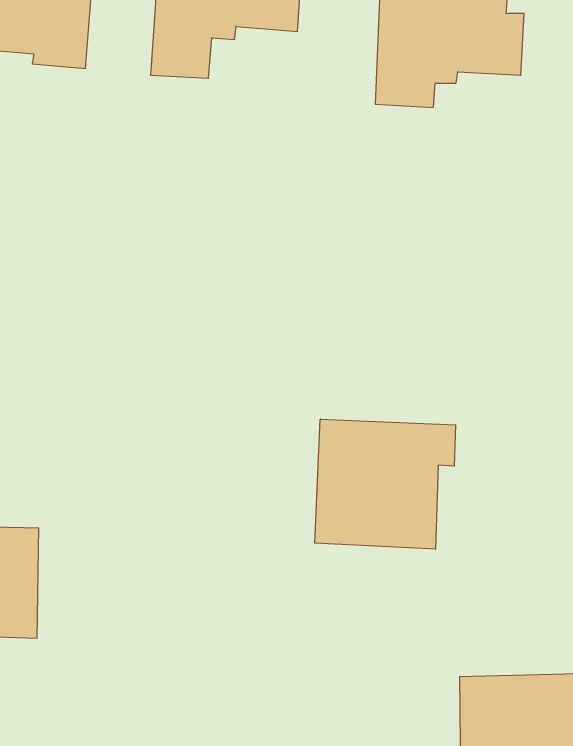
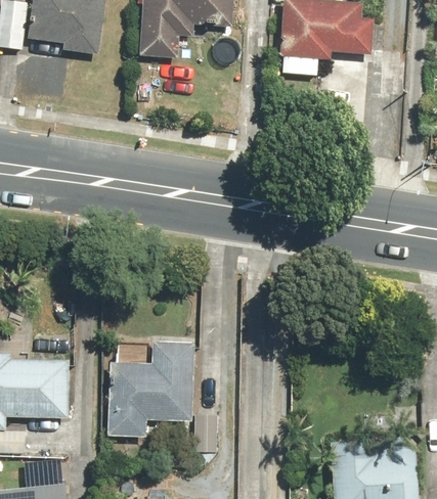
building: [315,419,455,549] -> none
building: none -> [107,343,219,453]

